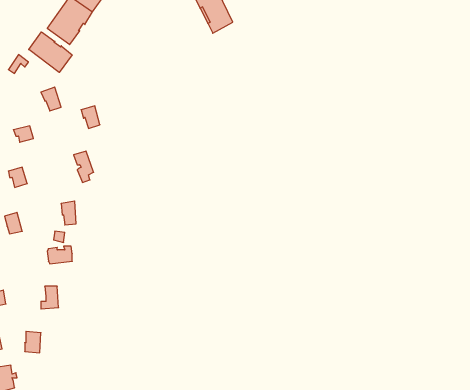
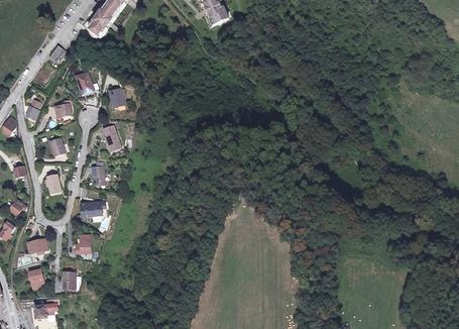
building: [29,32,72,72] -> none

